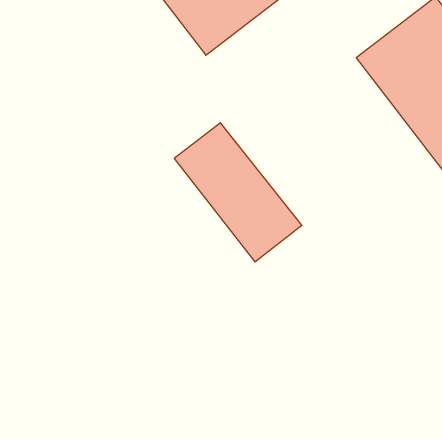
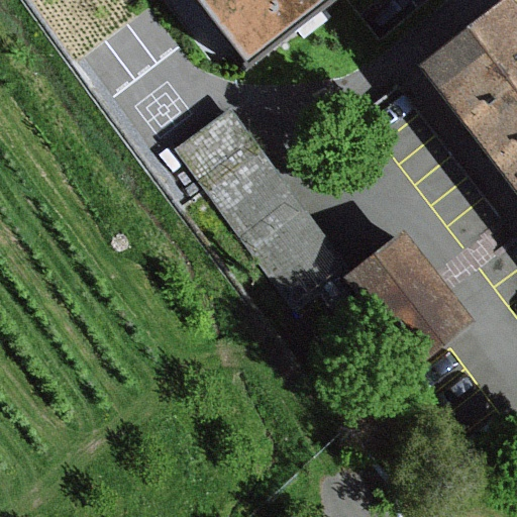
building: none -> [173,97,261,183]
building: none -> [342,228,471,364]

